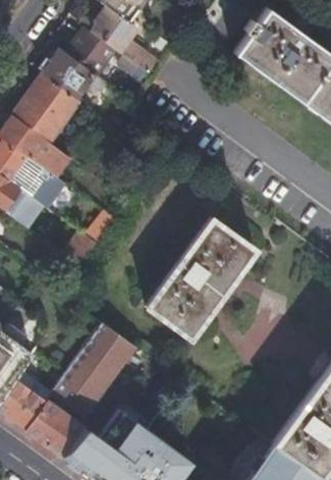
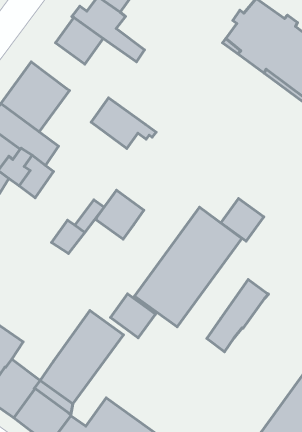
building: [43,48,108,99] -> [91,98,156,148]
building: none -> [96,190,144,239]
building: none -> [221,198,264,241]
building: none -> [207,279,268,352]
building: none -> [110,294,155,338]

